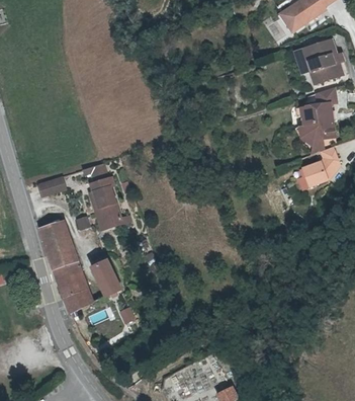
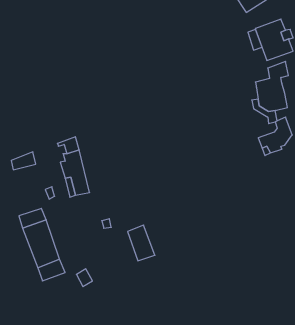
building: [43,228,72,250] -> none
building: [96,267,125,306] -> [128,225,155,261]

